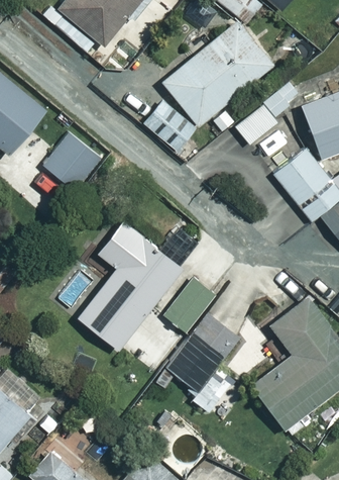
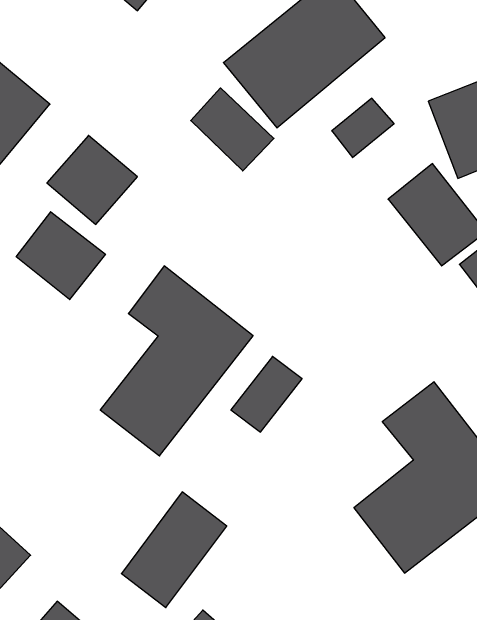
building: none -> [16,212,105,300]
building: [168,315,240,394] -> [121,492,227,608]

